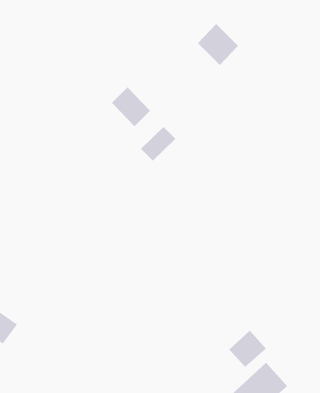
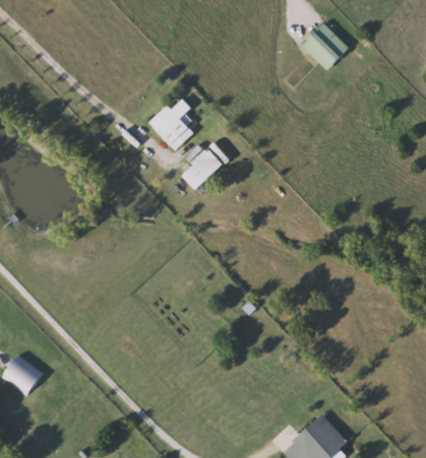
building: [197,23,239,66] -> [302,22,349,70]
building: [228,330,267,368] -> none

